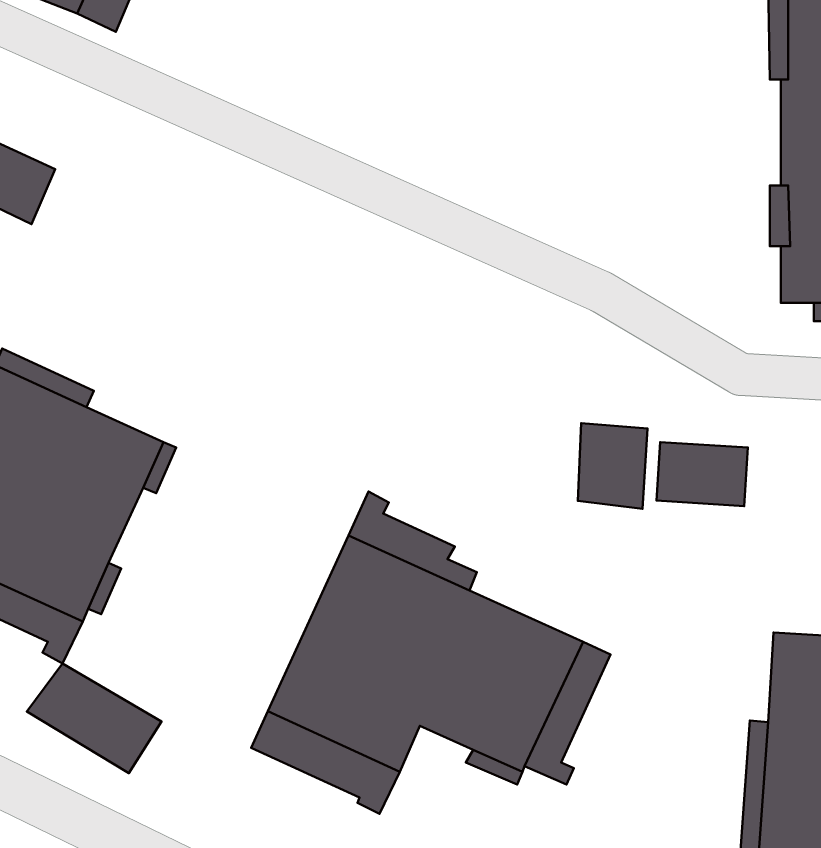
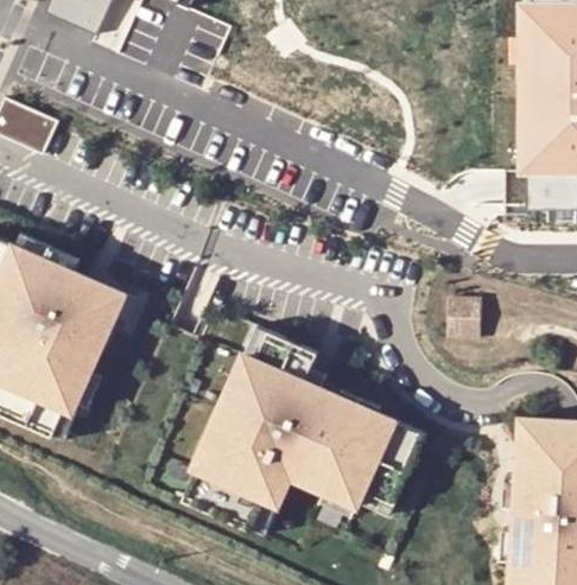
building: [578,423,648,509] -> none
building: [27,664,162,773] -> none

